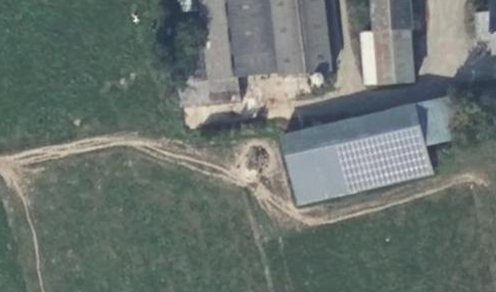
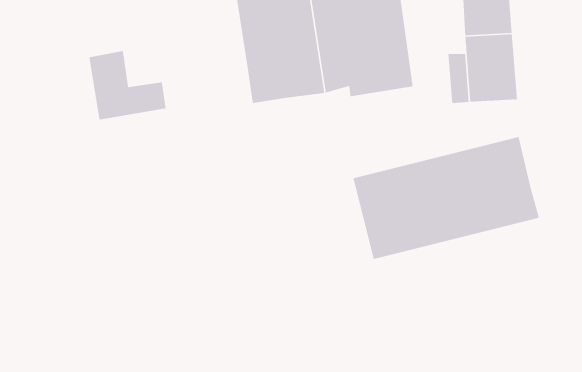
building: [177,52,237,107] -> [88,50,166,120]
building: [415,98,459,144] -> none

